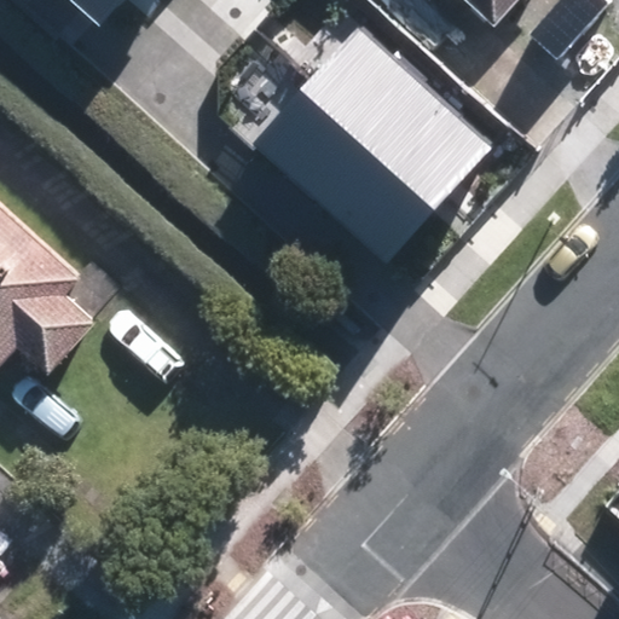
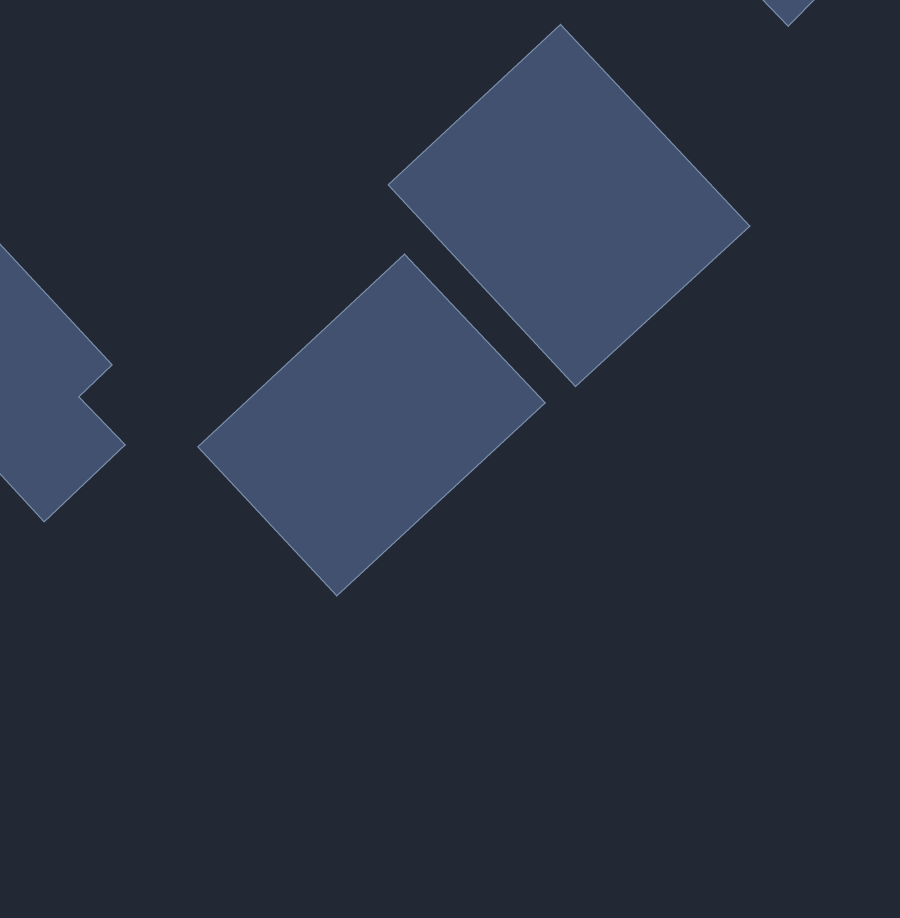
building: none -> [198,254,545,596]

